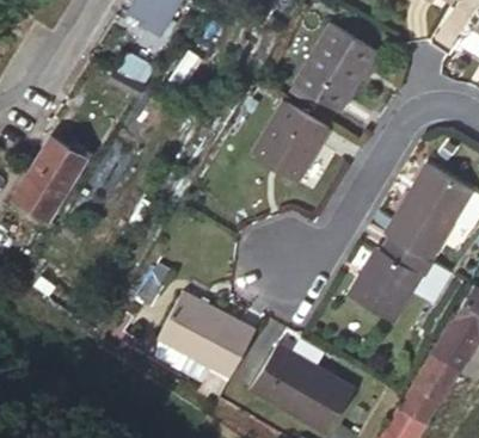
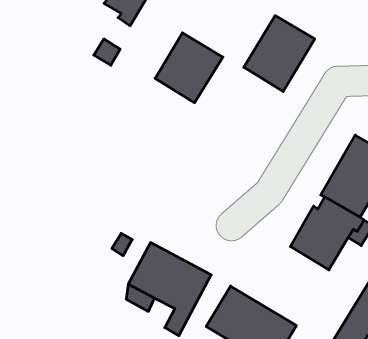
building: [251,99,331,181] -> [155,33,223,103]
building: [13,135,87,218] -> none

